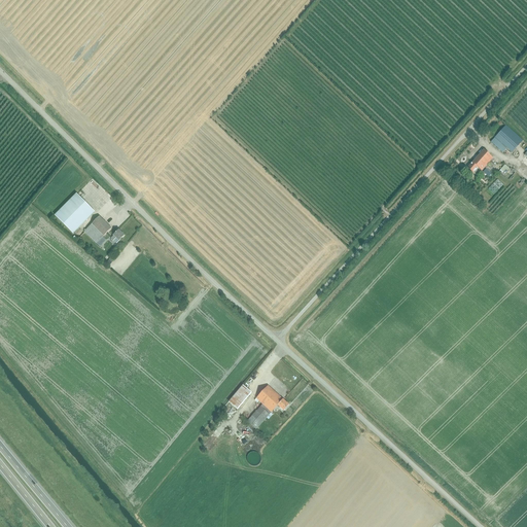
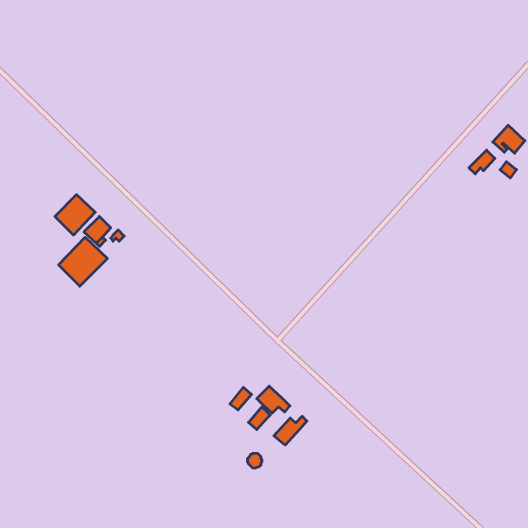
building: none -> [59,237,107,286]
building: none -> [274,416,307,445]

